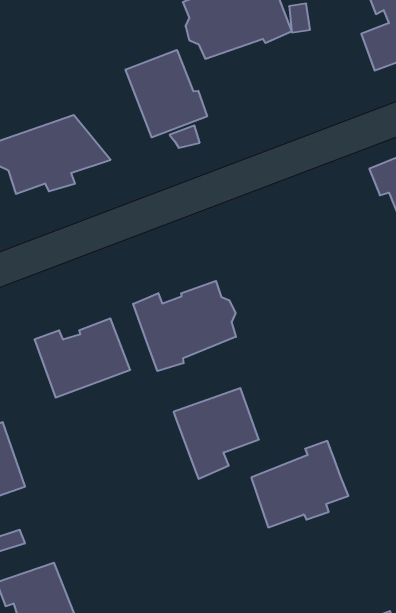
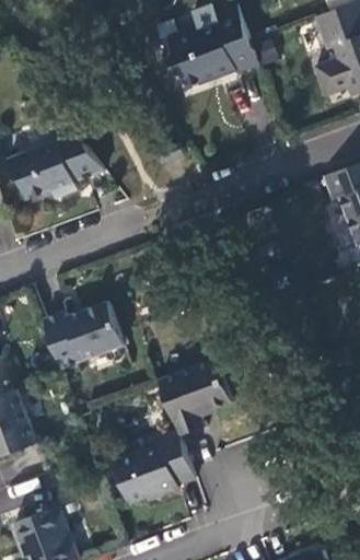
building: [126,50,207,137] -> none
building: [133,281,236,371] -> none
building: [251,441,348,527] -> [113,431,194,503]

